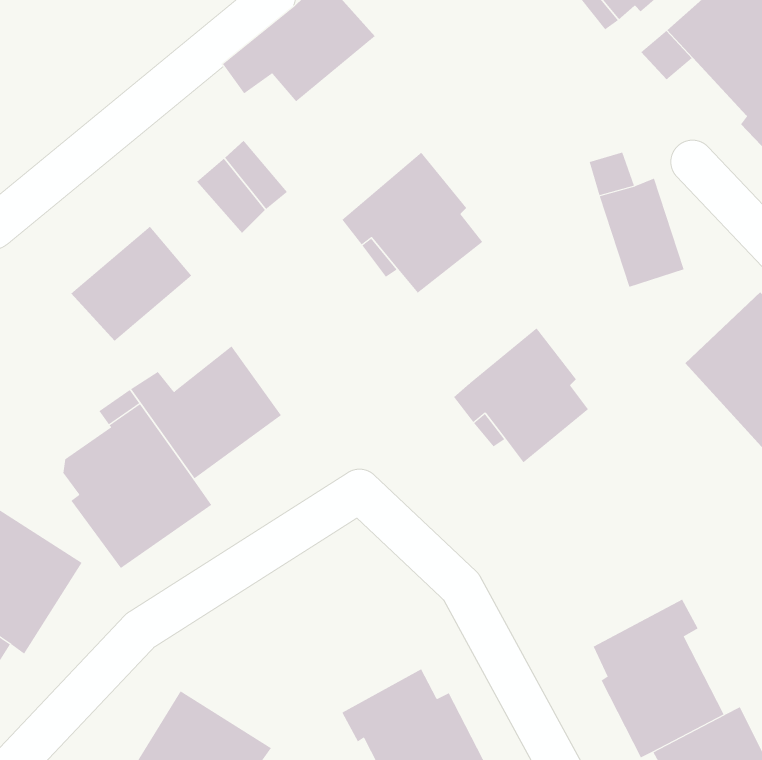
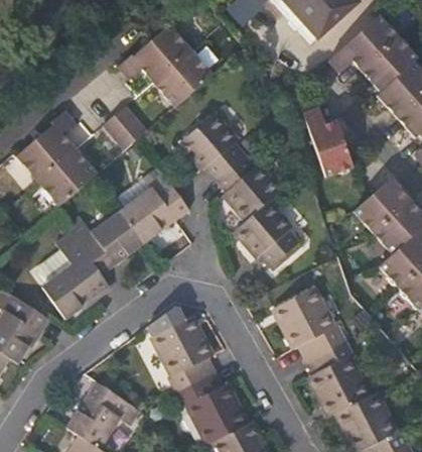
building: none -> [153,50,213,105]
building: none -> [17,108,80,181]
building: none -> [215,154,284,226]
building: none -> [121,164,189,242]
building: none -> [272,286,348,359]
building: none -> [151,315,217,392]

